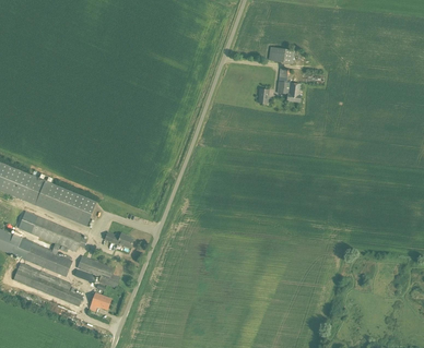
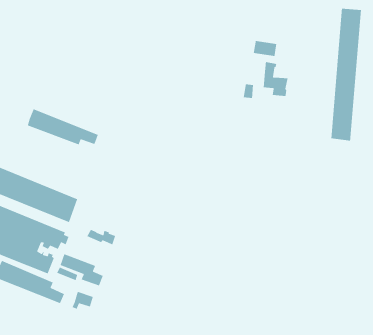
building: none -> [330,8,362,141]
building: none -> [27,108,99,145]

